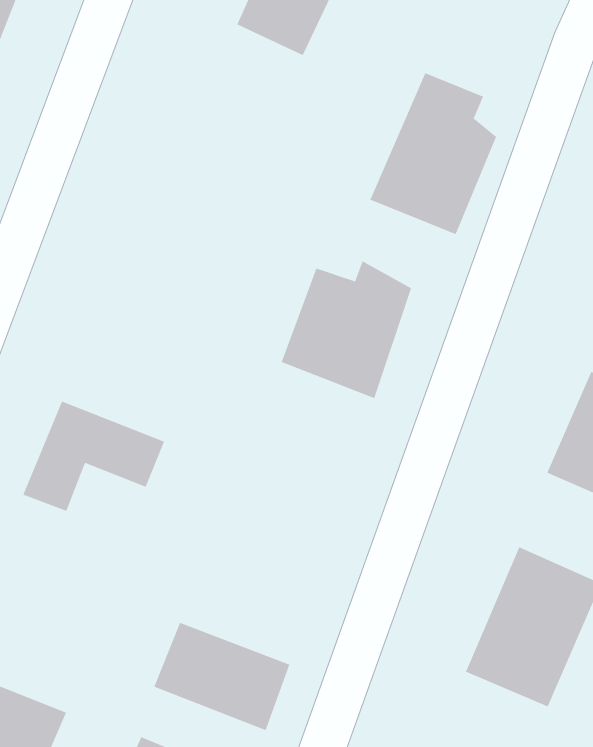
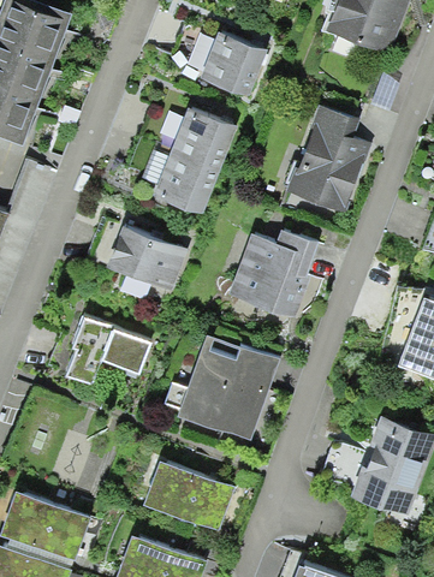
building: none -> [144,102,237,212]
building: none -> [105,222,185,293]
building: none -> [176,335,293,441]

